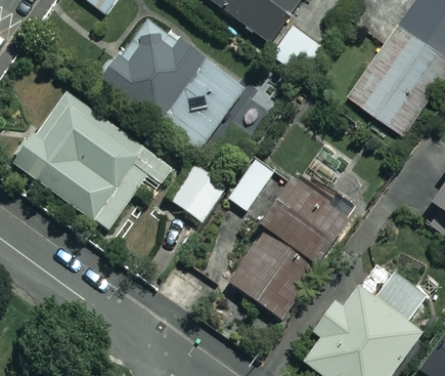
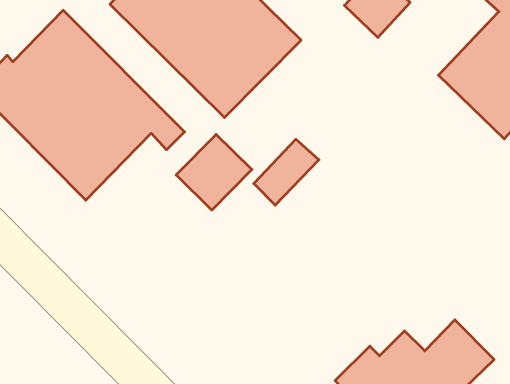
building: [230,168,357,316] -> none

